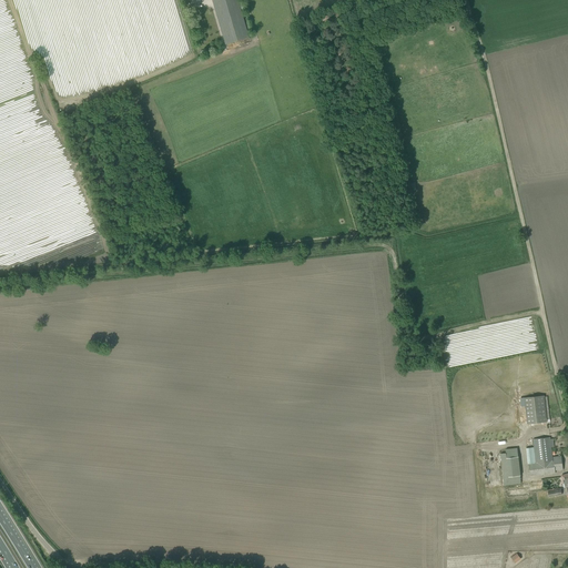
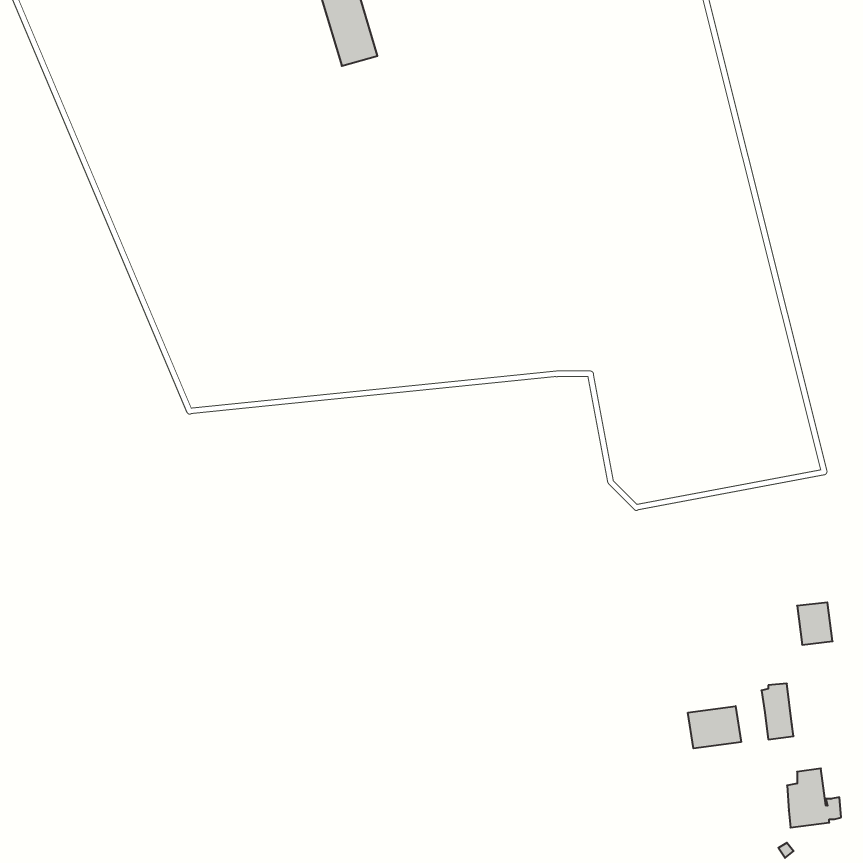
building: [526,436,561,475] -> [787,768,841,828]
building: none -> [688,706,741,748]

